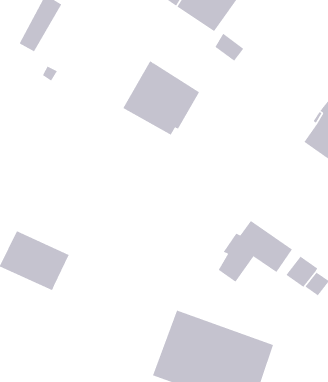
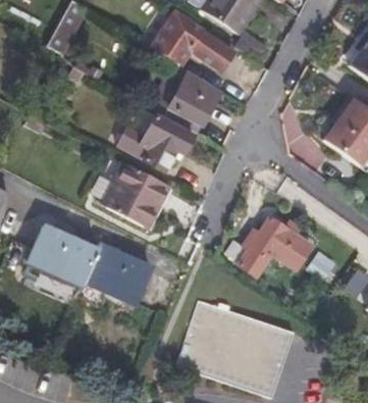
building: none -> [151,10,233,70]
building: none -> [112,115,194,171]
building: none -> [102,161,169,225]
building: none -> [83,242,151,302]

